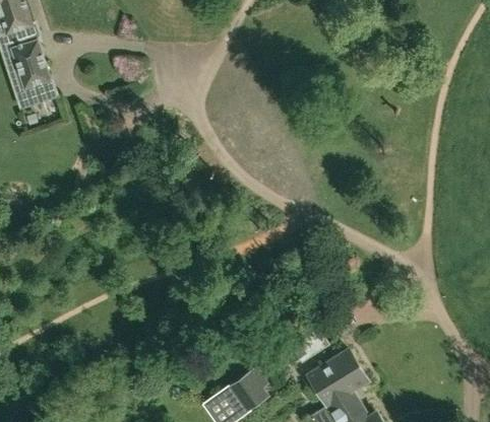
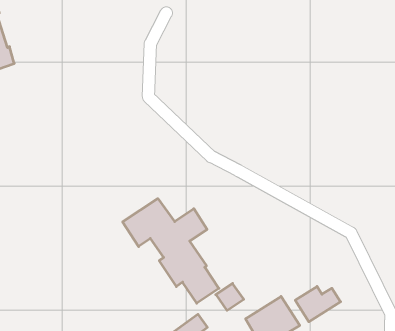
building: none -> [123,199,219,303]
building: none -> [295,286,341,322]

